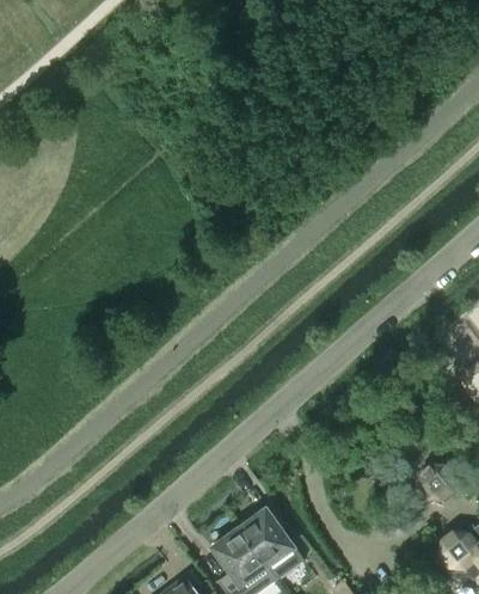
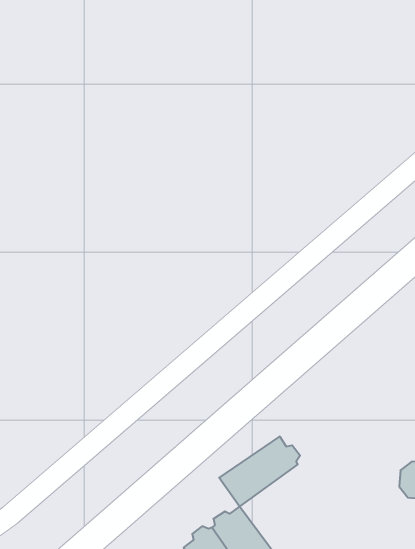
building: none -> [219,436,300,506]

